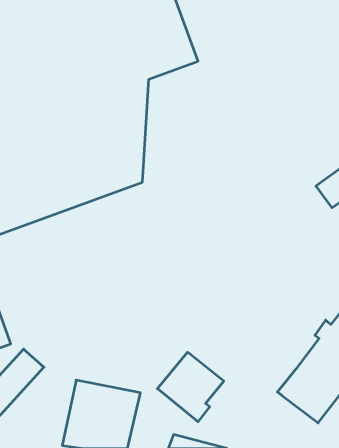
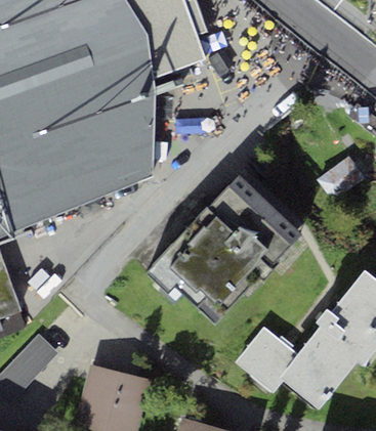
building: none -> [148,174,301,322]
building: [157,352,224,422] -> [235,327,298,393]

